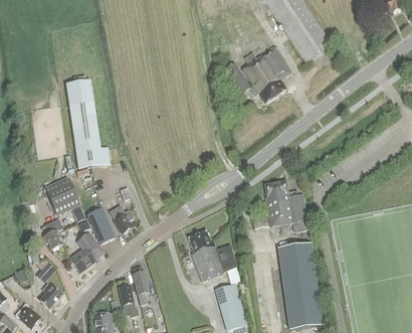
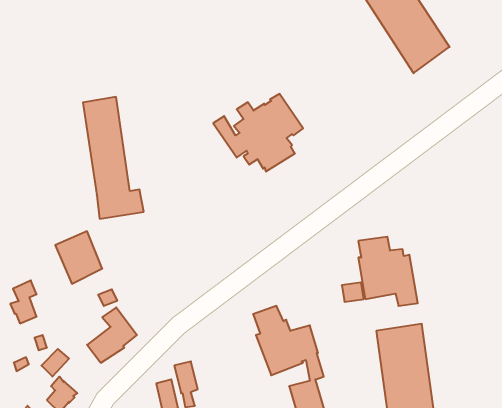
building: [227,46,292,103] -> [213,94,303,171]
building: [109,205,133,233] -> none
building: [87,207,115,243] -> none
building: [43,218,62,249] -> [10,280,37,323]

